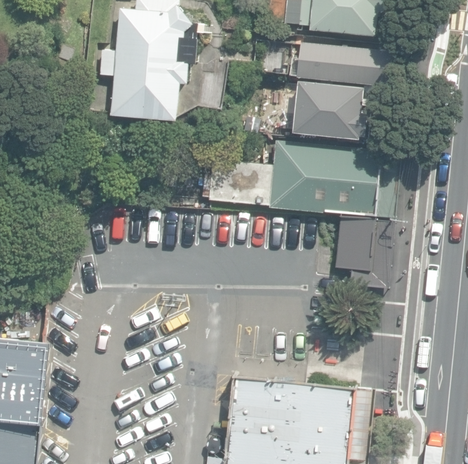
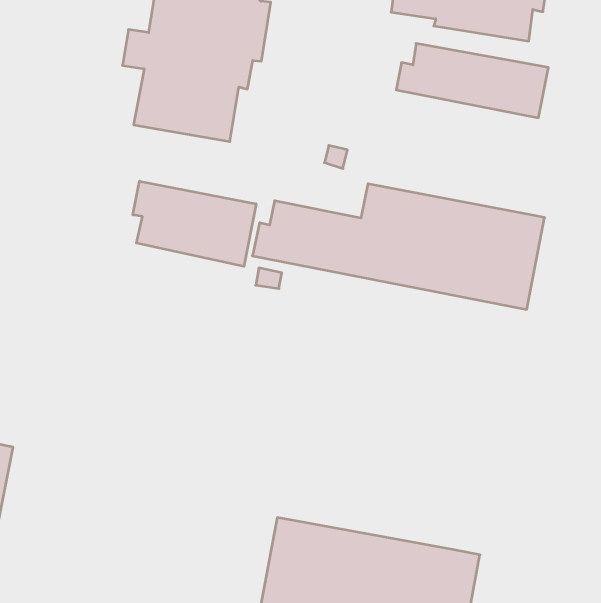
building: [293,81,366,139] -> none
building: none -> [133,181,256,266]
building: [335,220,391,289] -> none

